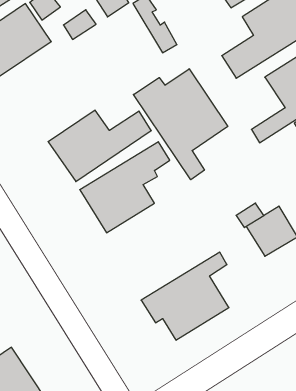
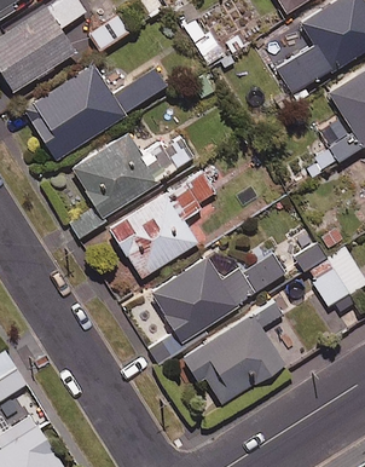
building: none -> [23,63,168,160]
building: [133,69,228,180] -> none
building: none -> [151,254,284,341]

